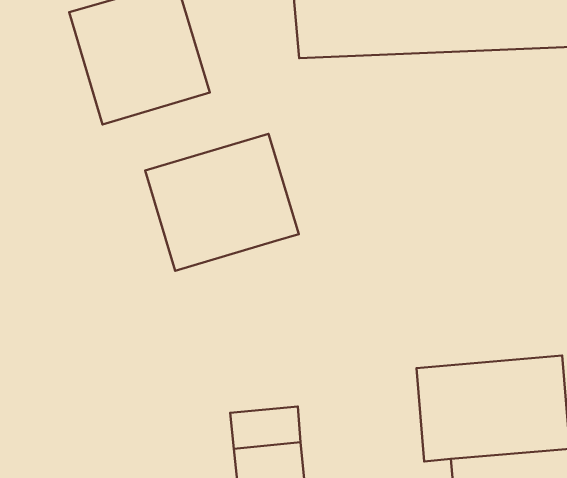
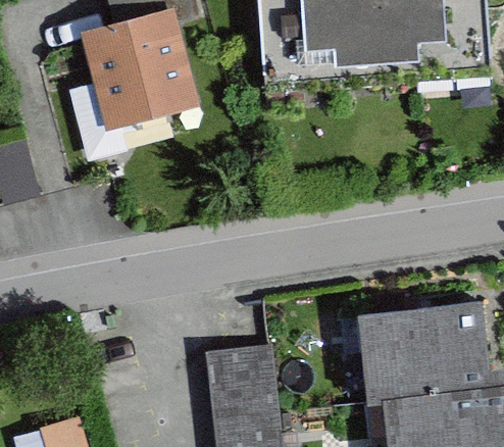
building: [145,134,299,271] -> none

